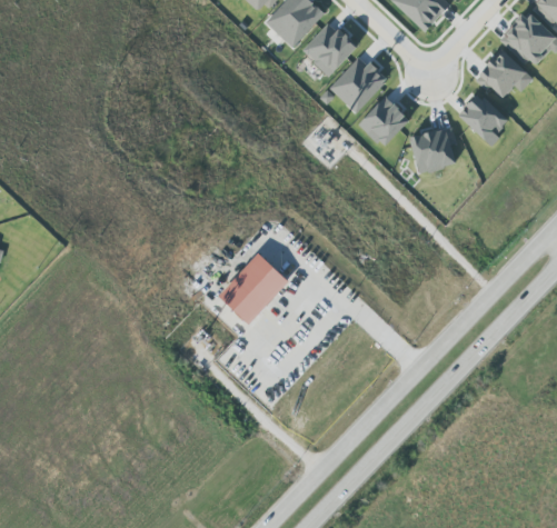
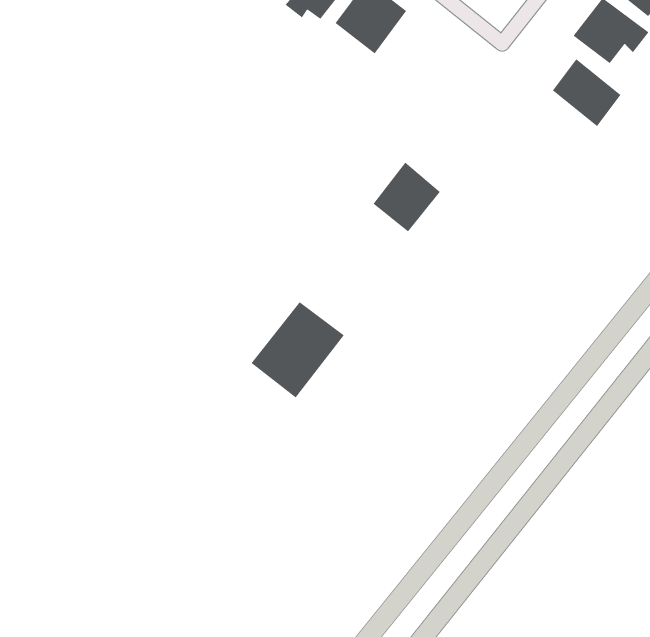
building: [329,54,387,112] -> none
building: [359,94,410,147] -> [373,162,441,232]
building: [410,127,457,171] -> none

